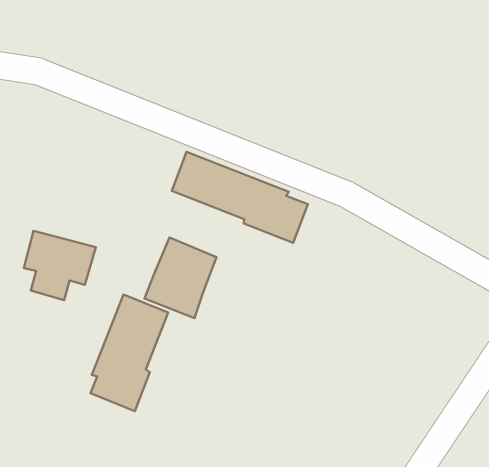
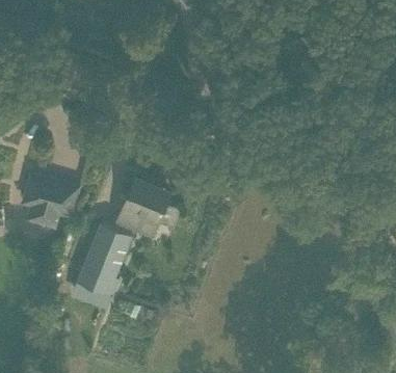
building: [172,152,308,243] -> none

